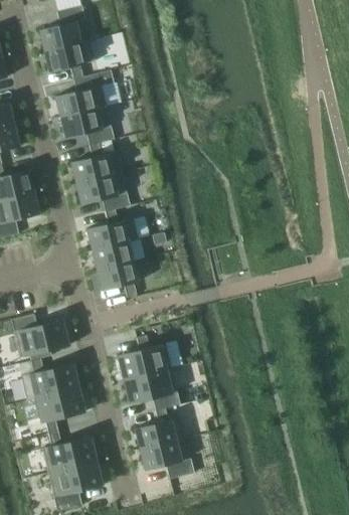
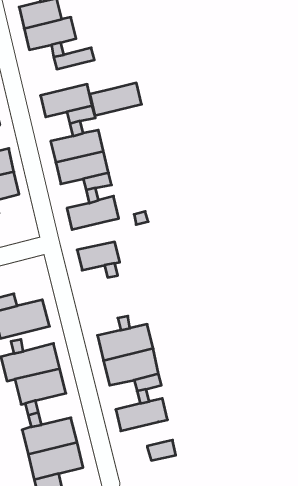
building: [54,85,106,118] -> [90,83,142,116]
building: [91,241,133,271] -> none
building: [139,441,181,471] -> none

